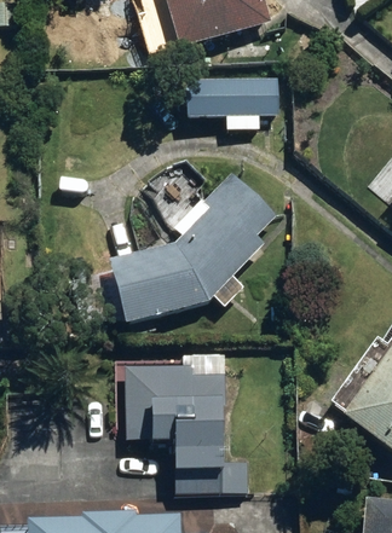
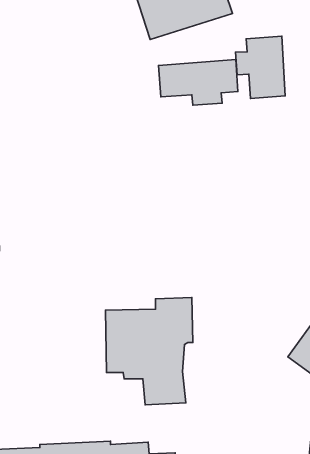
building: none -> [236,36,285,98]
building: [109,169,278,323] -> none

